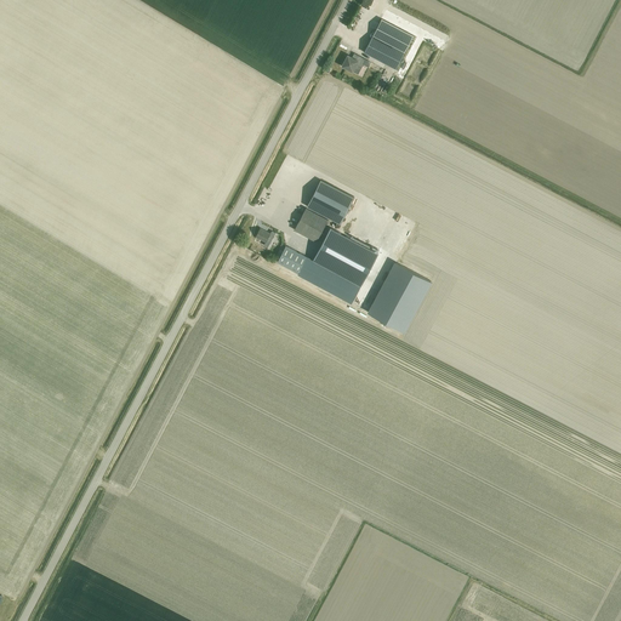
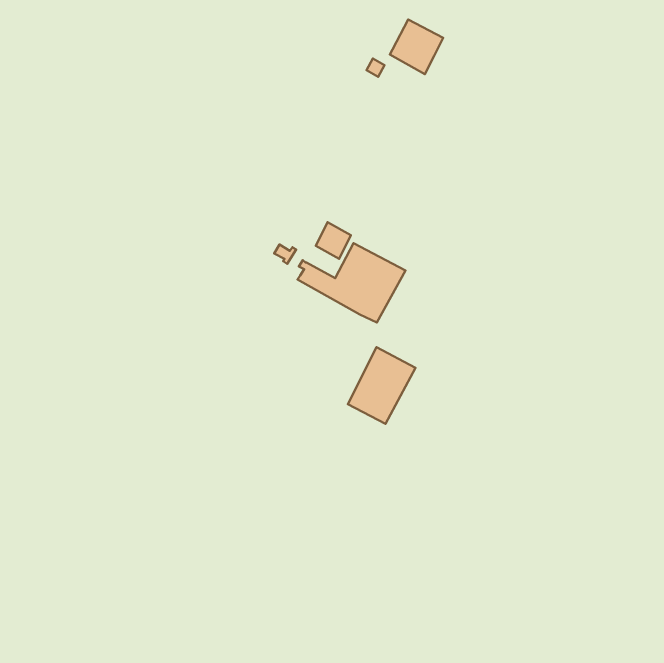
building: [307,181,354,224] -> none
building: [371,257,434,329] -> [348,347,415,424]

